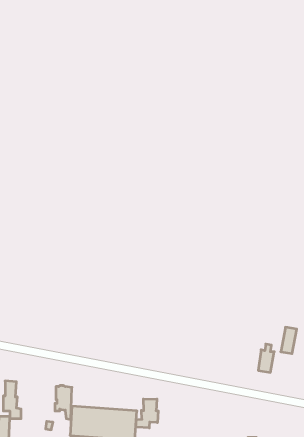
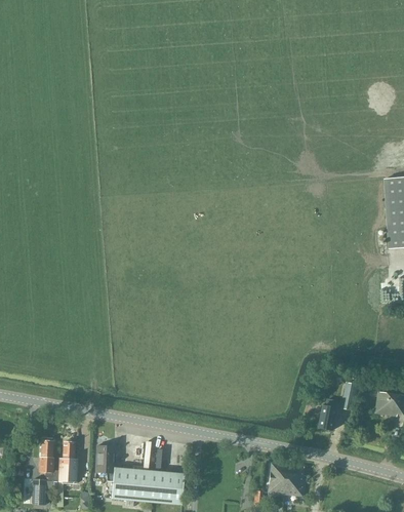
building: none -> [57,441,77,482]
building: [136,399,158,428] -> none
building: none -> [268,462,305,496]

